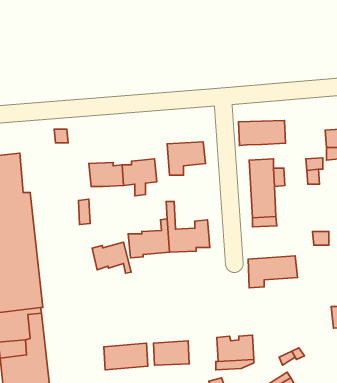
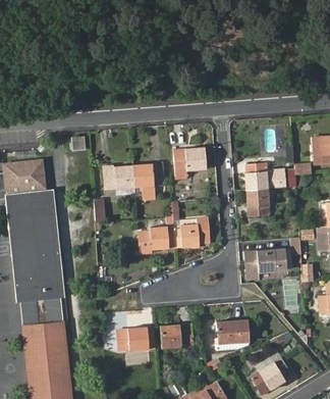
building: [238,120,286,146] -> none
building: [92,242,131,273] -> none

